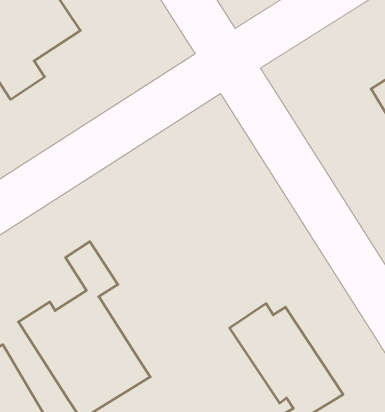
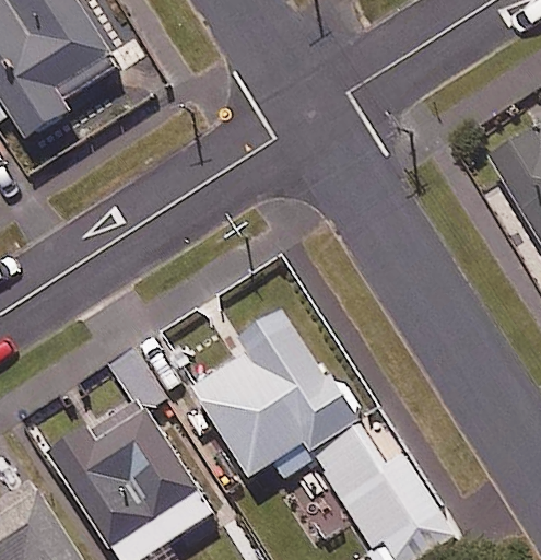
building: none -> [191,305,355,477]

